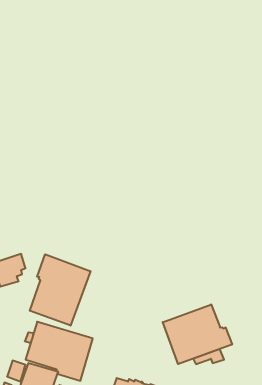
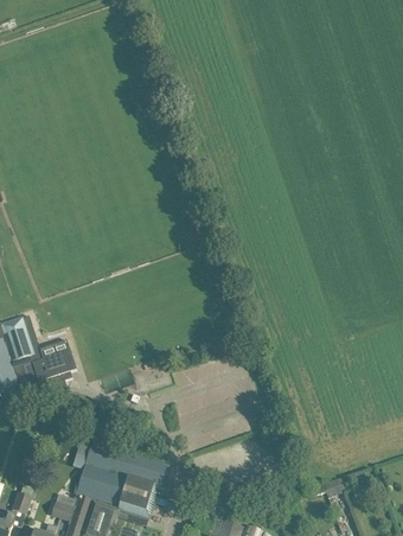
building: [30,254,90,326] -> none
building: [163,304,232,364] -> none

